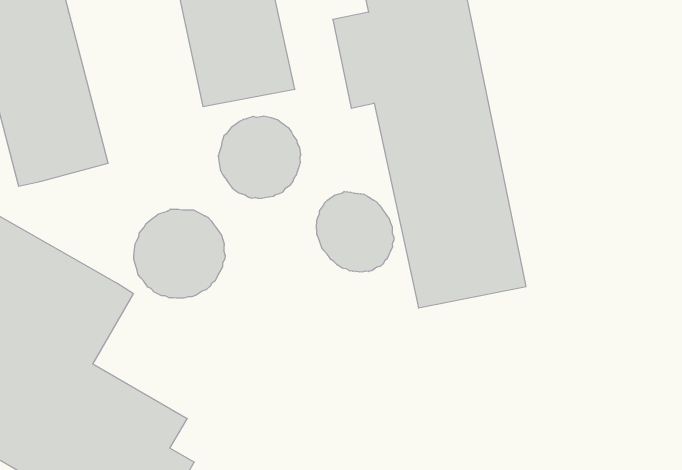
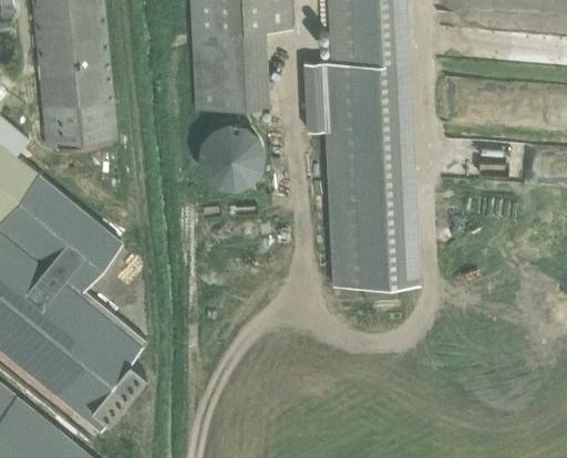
building: [317,191,394,272] -> none
building: [134,209,225,298] -> none

